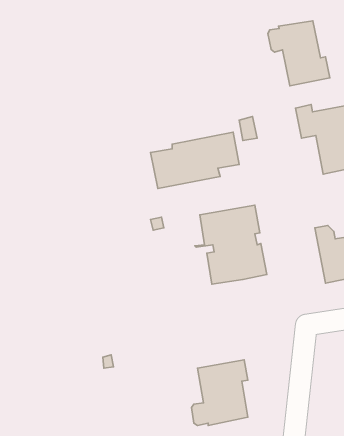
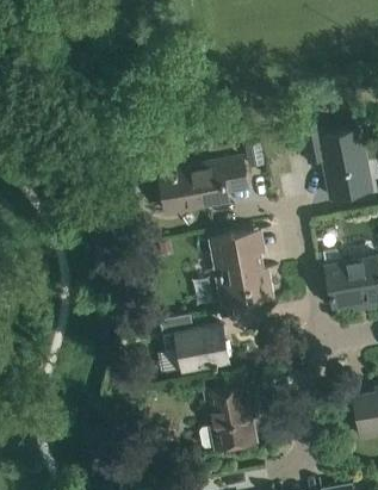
building: [268,21,330,86] -> none
building: none -> [160,315,228,371]

